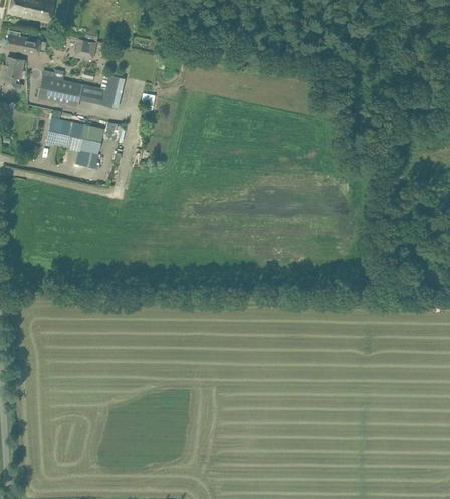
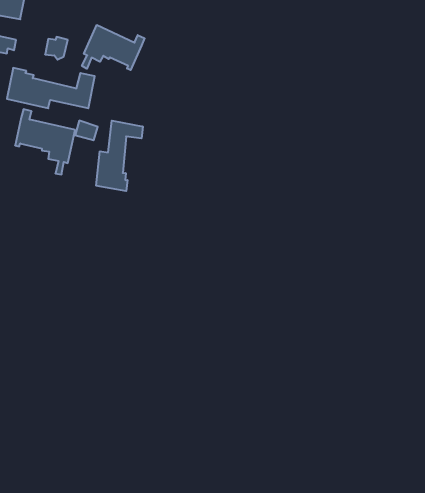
building: none -> [82,25,145,70]
building: none -> [96,121,143,191]

